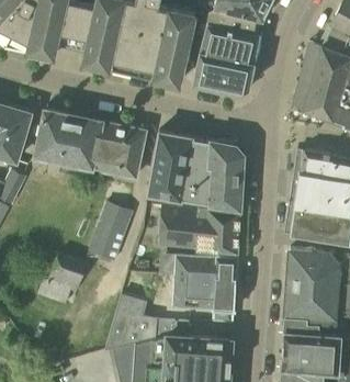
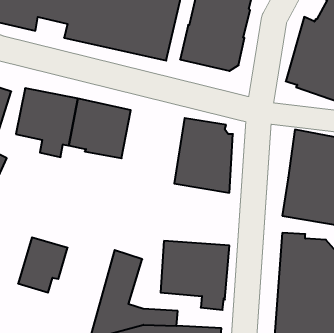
building: [146,130,196,201] -> none
building: [88,201,133,261] -> none
building: [160,204,239,252] -> none

